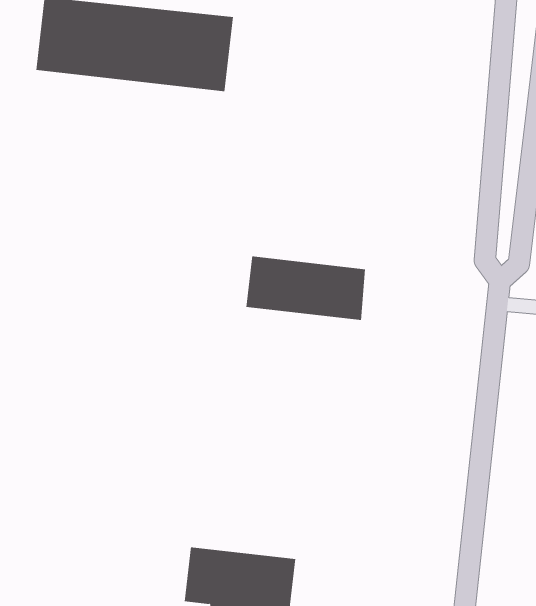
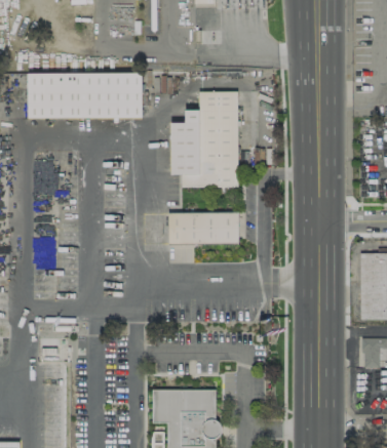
building: none -> [170,93,237,187]

